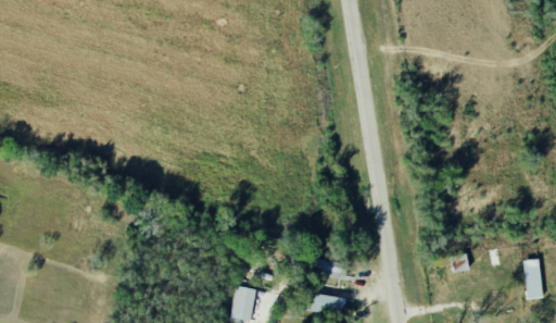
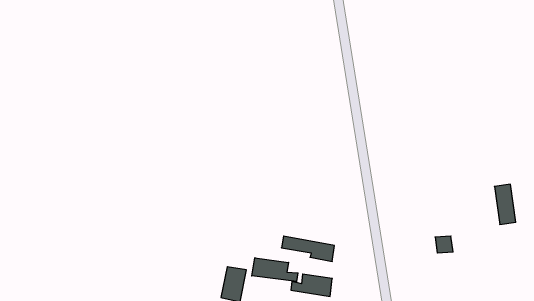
building: [521,258,543,299] -> [494,184,516,224]
building: none -> [252,258,298,282]

